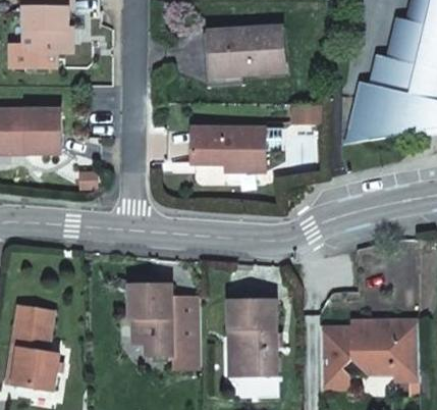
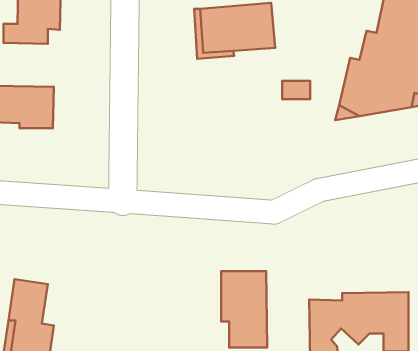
building: [189,127,263,171] -> none
building: [131,285,201,368] -> none

